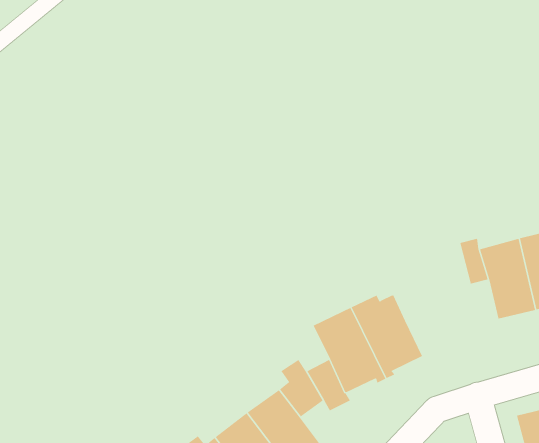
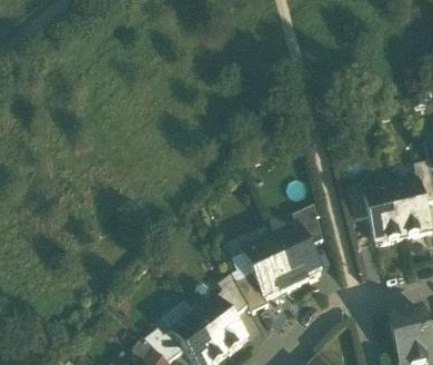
building: none -> [292,203,323,244]

